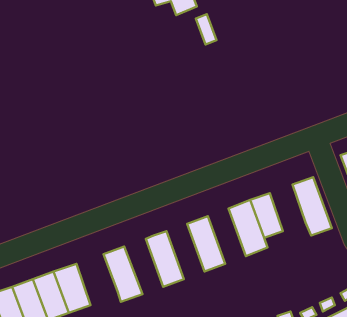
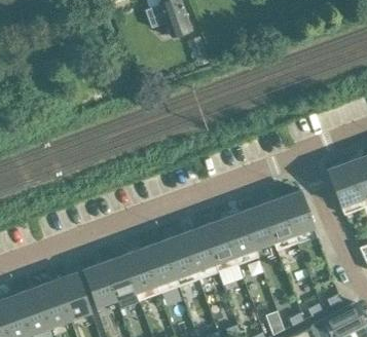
building: none -> [260,196,298,250]
building: none -> [201,219,237,271]
building: none -> [162,233,198,286]
building: none -> [122,248,159,300]
building: none -> [82,262,116,305]

